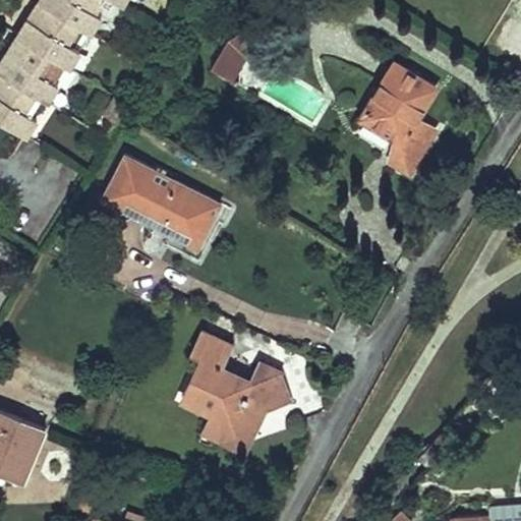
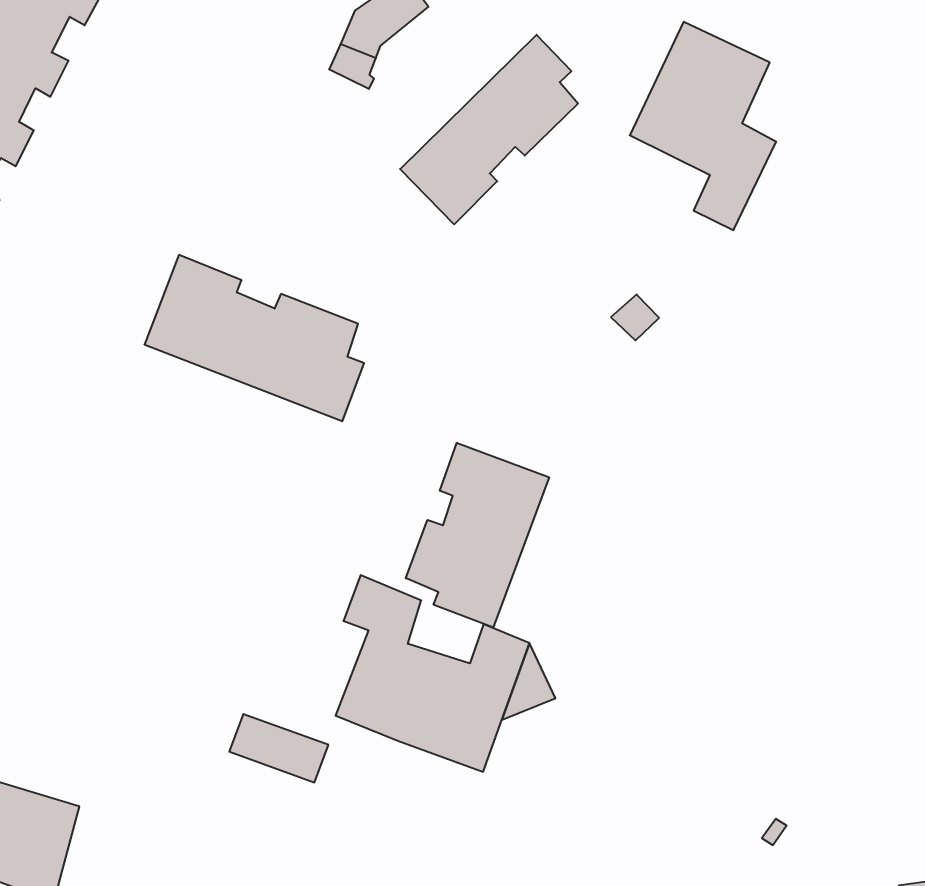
building: none -> [400,35,578,224]
building: none -> [406,443,549,628]
building: [201,416,252,455] -> [229,714,328,782]

